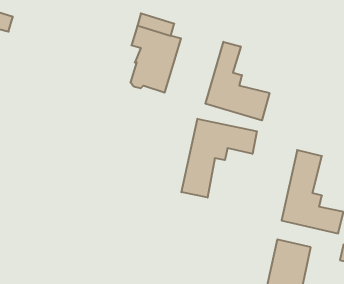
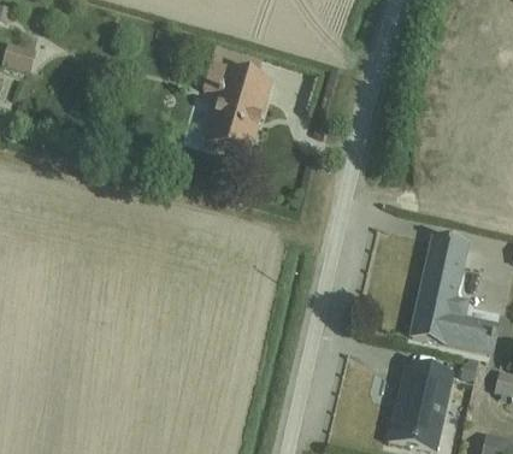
building: [205,42,269,120] -> none
building: [181,119,257,198] -> none

